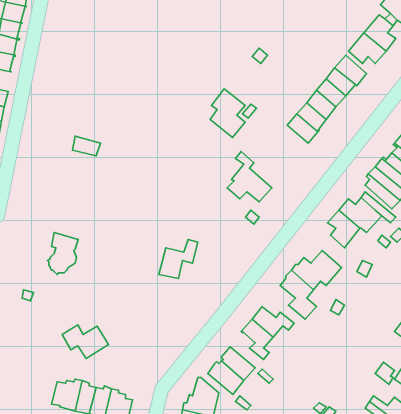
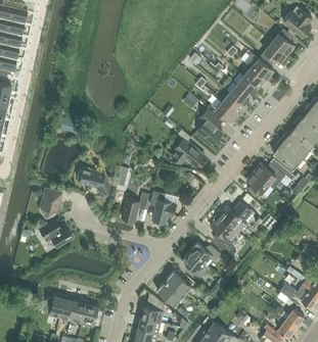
building: [210,89,245,138] -> [197,108,223,144]
building: none -> [78,167,110,195]
building: none -> [150,192,177,224]
building: [62,325,108,358] -> [40,224,74,248]

